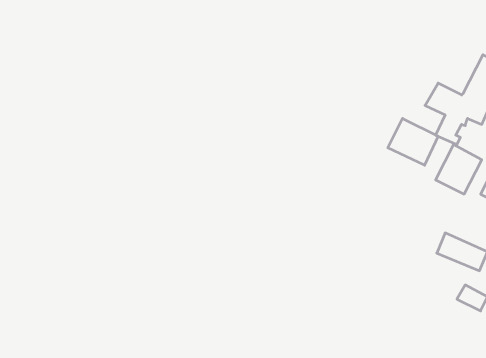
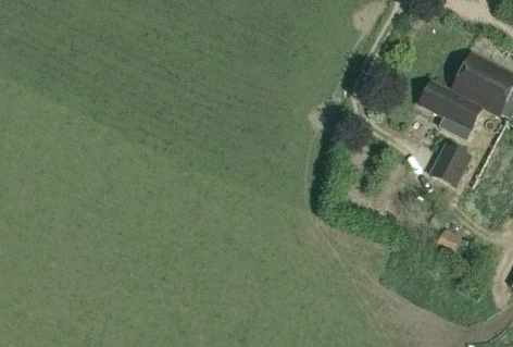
building: [388,118,438,165] -> none

